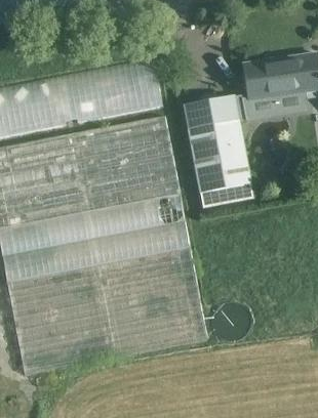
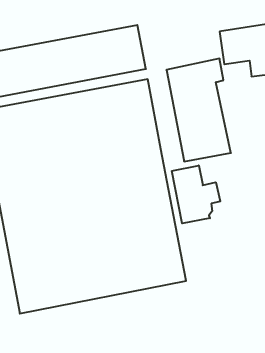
building: none -> [172,165,220,223]

